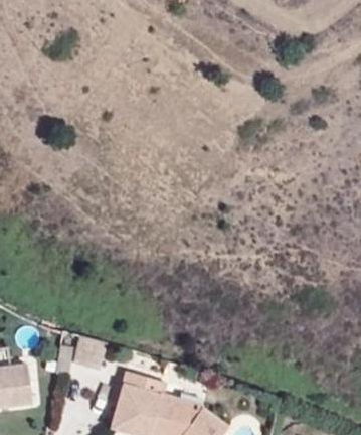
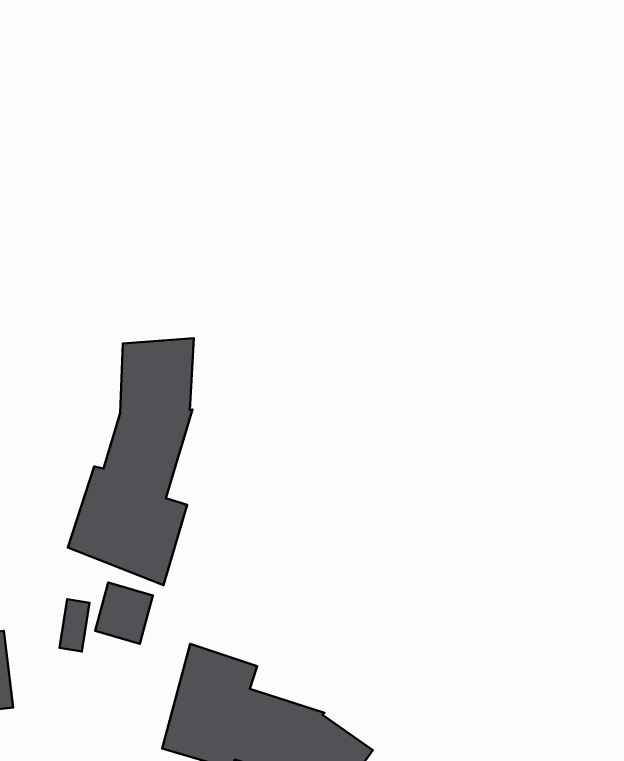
building: none -> [68,338,194,585]

